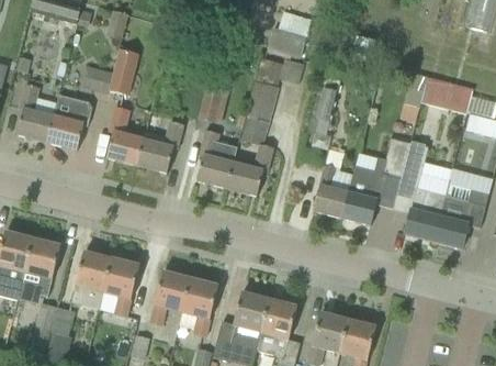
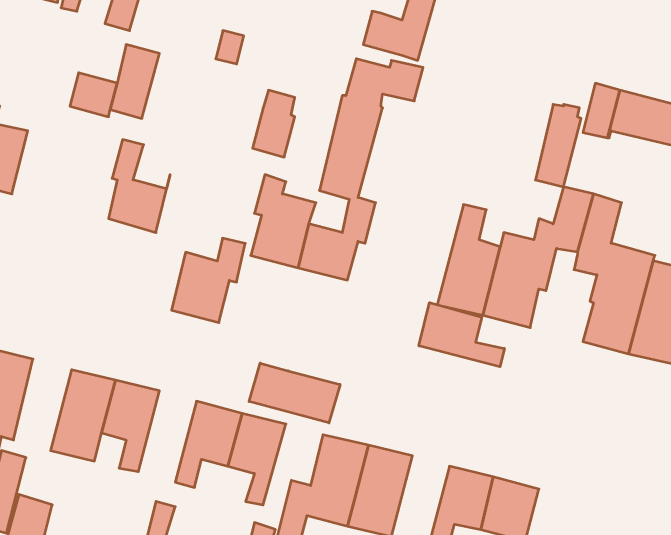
building: [307,82,336,134] -> [535,104,581,187]
building: [47,96,91,149] -> none
building: [137,121,183,174] -> [172,238,245,323]
building: none -> [419,303,504,367]
building: none -> [249,363,340,423]

